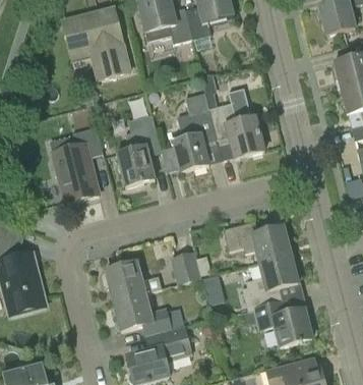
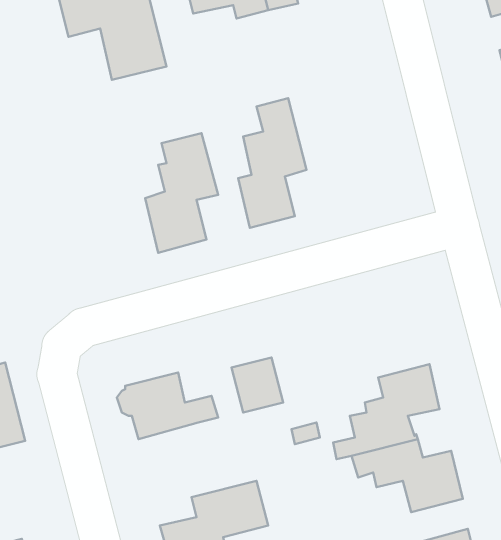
building: [201,74,264,159] -> none
building: [49,125,103,202] -> none
building: [223,220,291,263] -> none
building: [113,290,185,336] -> none

